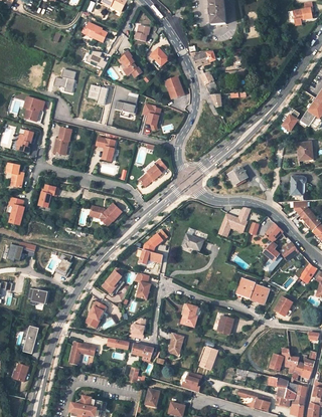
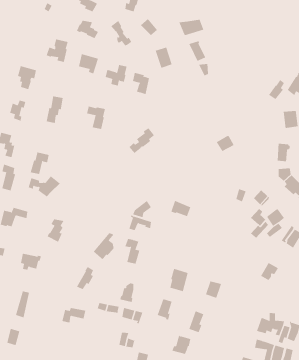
building: [89,203,122,225] -> [28,176,60,197]
building: [217,207,249,235] -> none
building: [235,277,269,302] -> none

